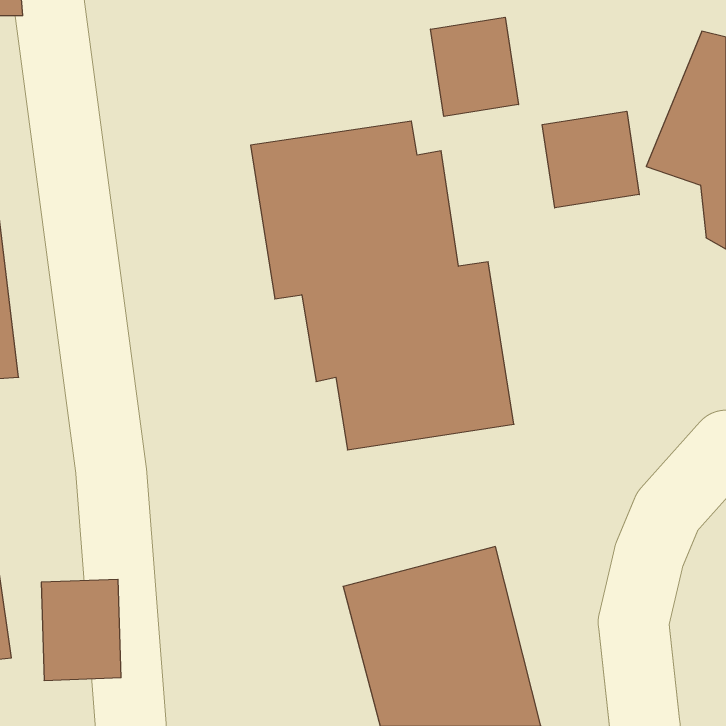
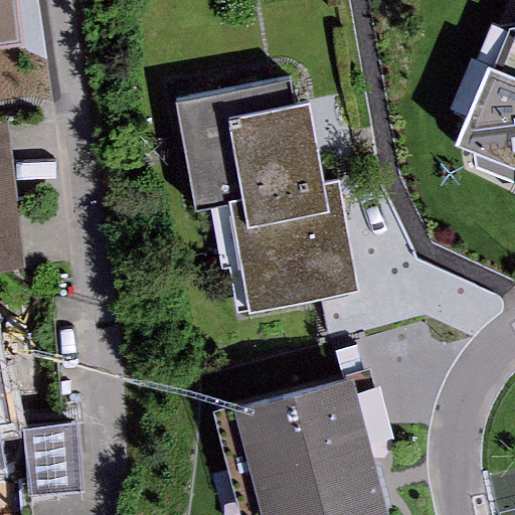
building: [431,17,518,116] -> none
building: [542,111,639,208] -> none

